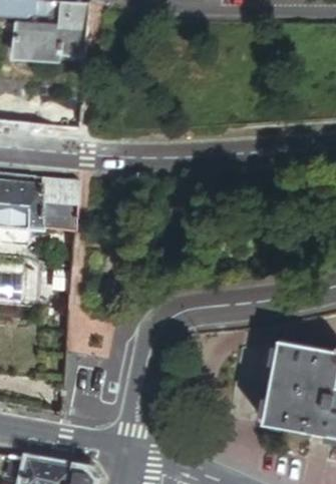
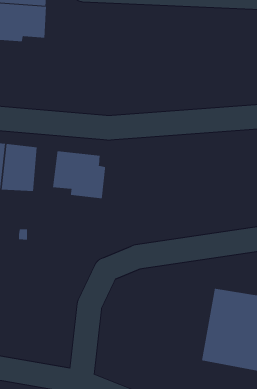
building: none -> [53,150,106,199]

